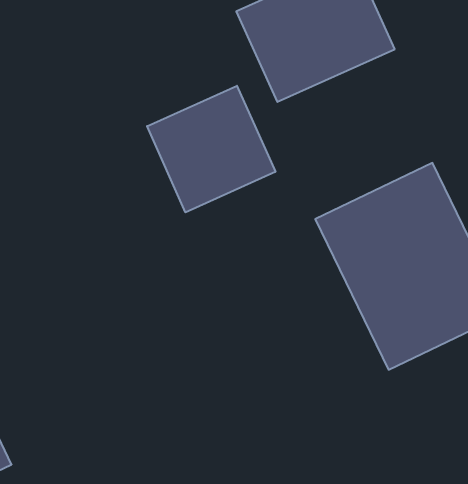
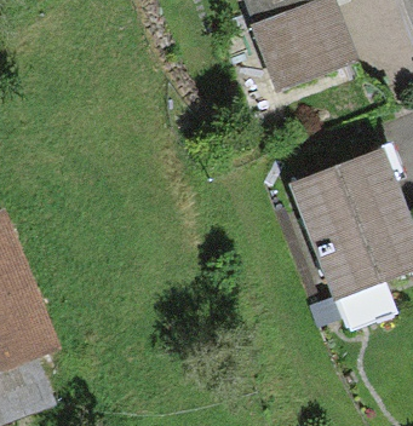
building: [147,86,275,212] -> none

